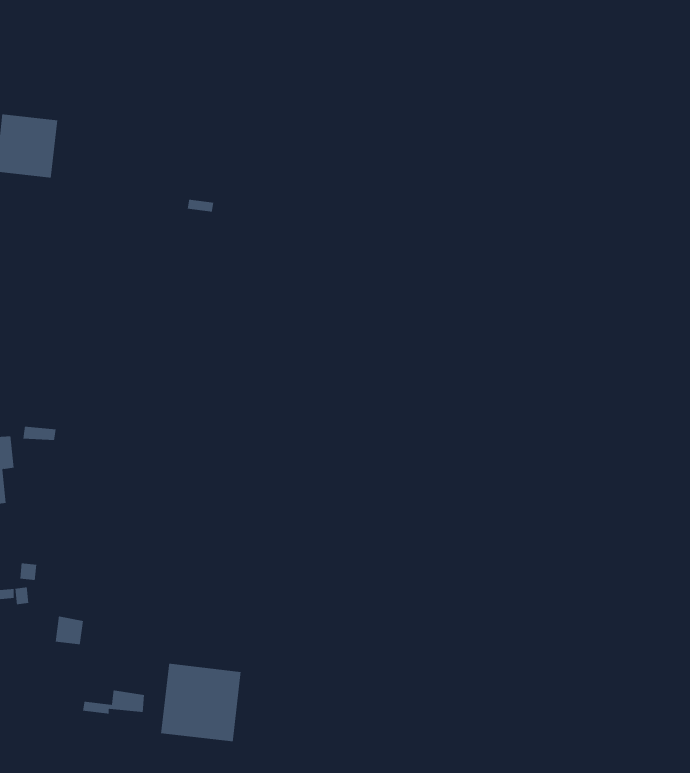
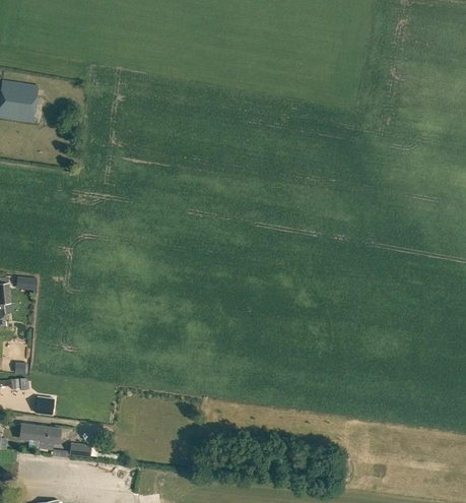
building: none -> [20,425,61,449]
building: [161,663,241,742] -> none

